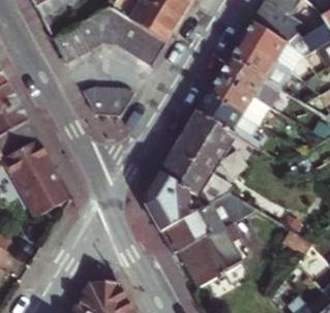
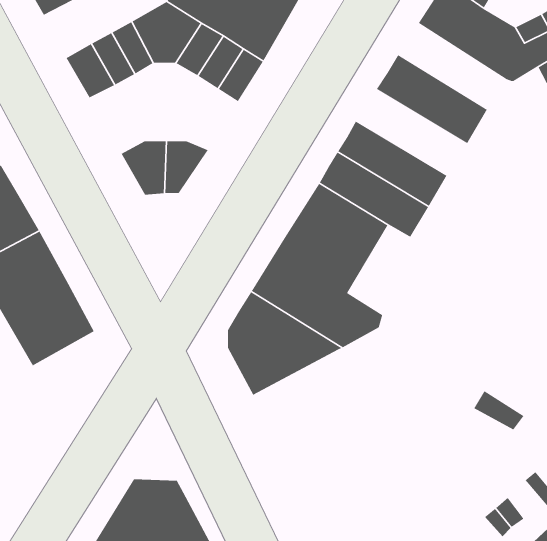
building: [241,21,302,69] -> none
building: [217,58,280,106] -> none
building: [159,192,259,285] -> none

